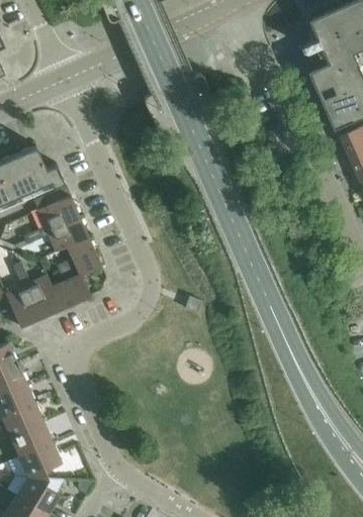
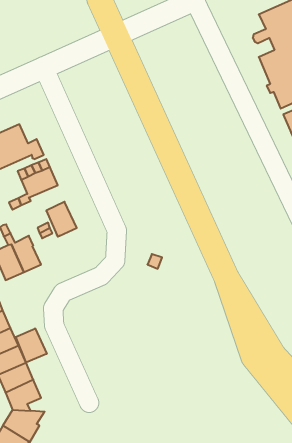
building: [46,217,87,252] -> none
building: [50,275,89,309] -> none
building: none -> [16,328,47,363]

